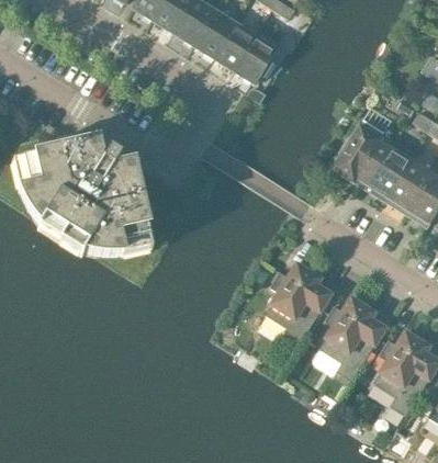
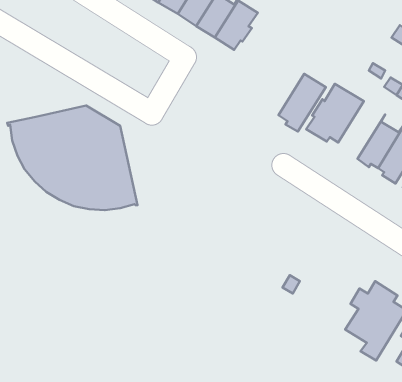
building: [366,138,416,200] -> [278,74,326,132]
building: [265,262,330,347] -> none
building: [318,296,385,381] -> none

